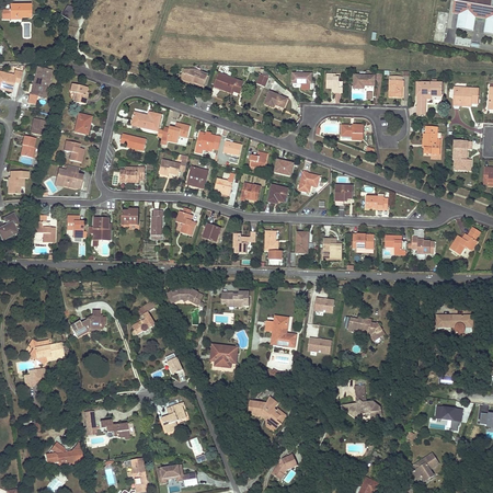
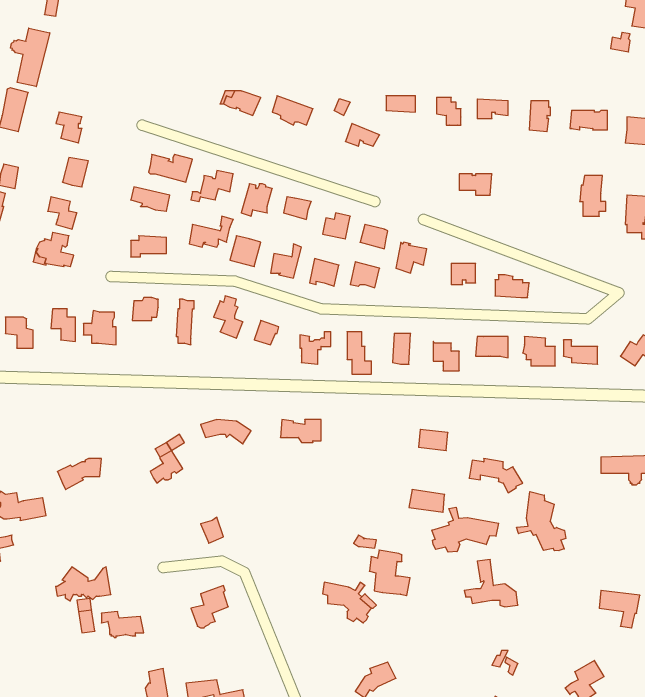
building: none -> [10,28,50,87]
building: [267,318,295,348] -> [369,550,410,596]
building: none -> [517,492,566,551]
building: [209,344,237,367] -> none
building: none -> [432,507,499,552]
building: [45,442,82,465] -> [56,567,111,601]

